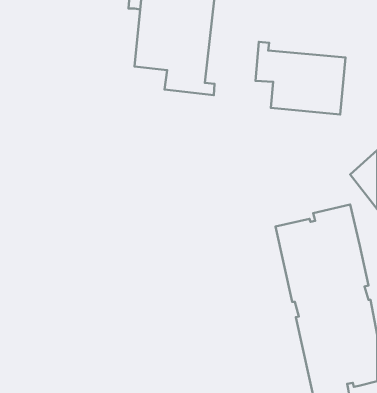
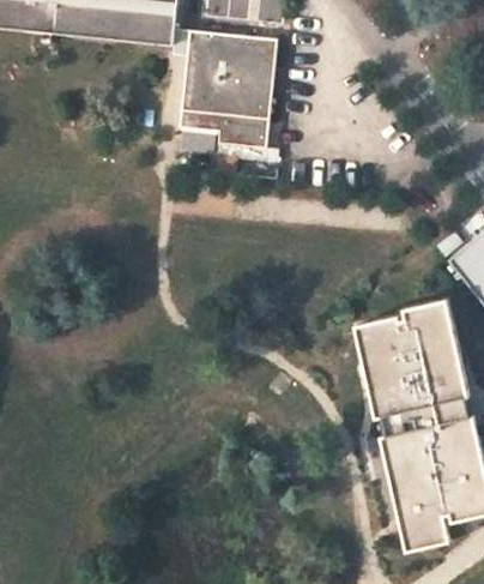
building: [256,42,346,115] -> none

